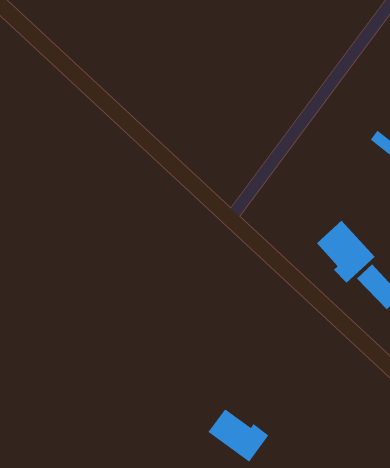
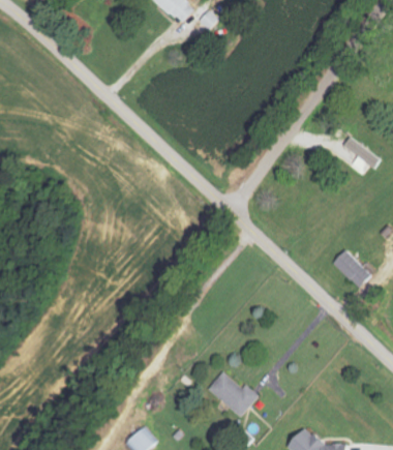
building: [316,220,376,284] -> none

